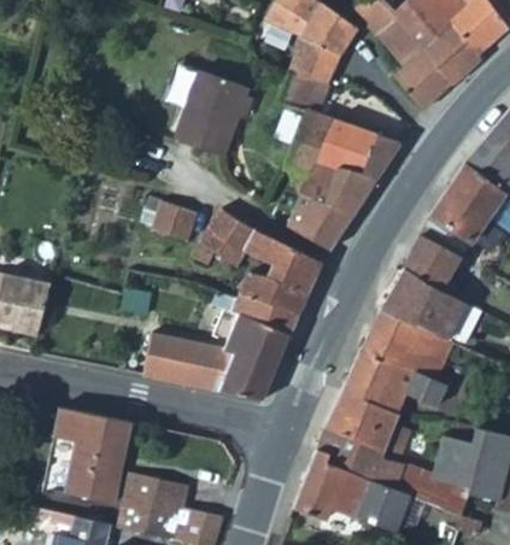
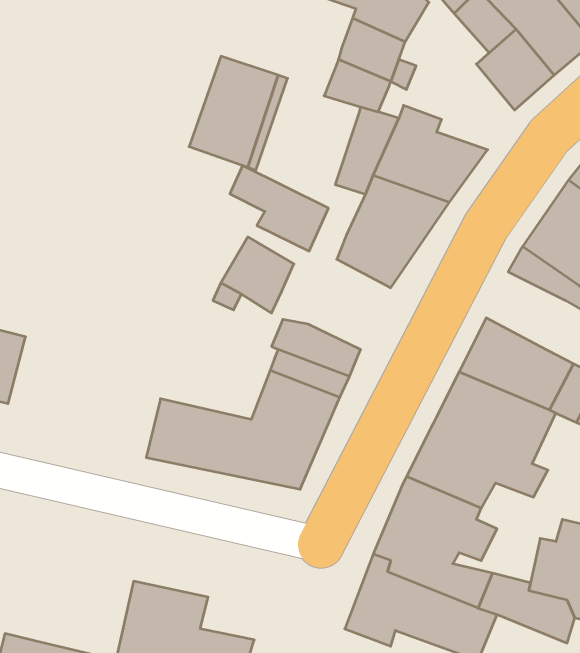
building: [153,201,199,240] -> none
building: [246,228,321,293] -> [230,165,328,251]
building: [401,234,462,291] -> none
building: [45,408,133,503] -> none

